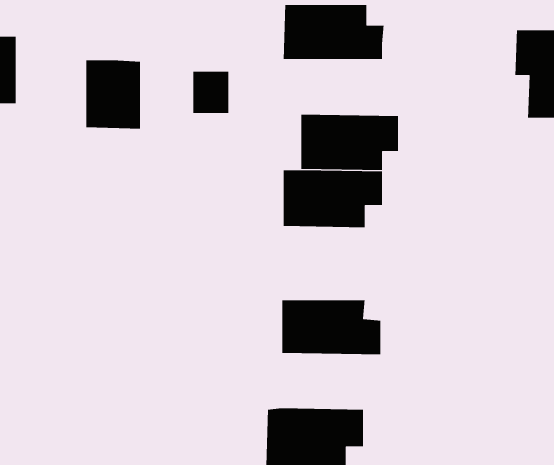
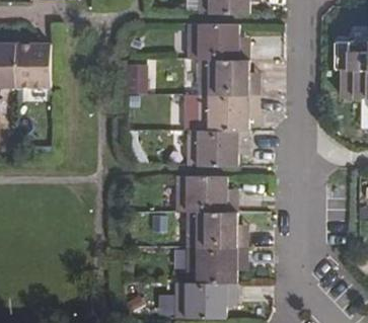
building: [85,60,141,129] -> [14,44,50,88]
building: none -> [196,59,259,94]
building: none -> [173,176,237,212]
building: none -> [183,246,247,281]

